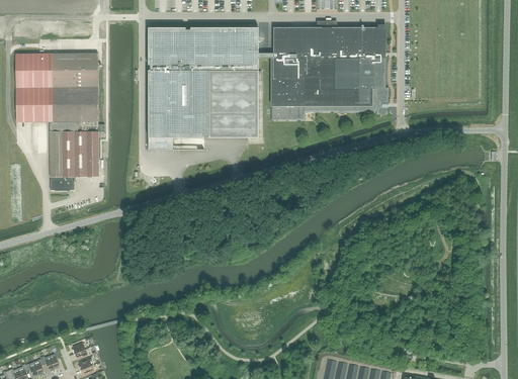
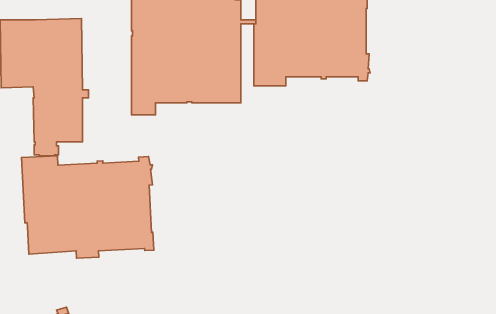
building: none -> [21,156,154,258]

